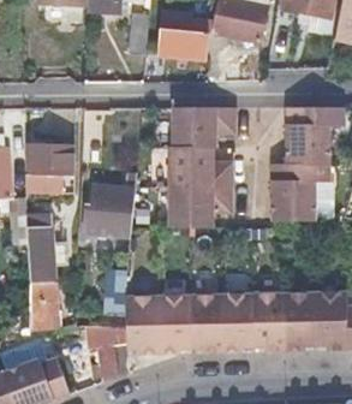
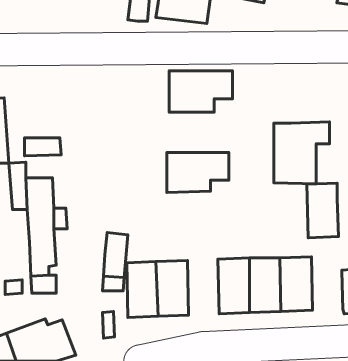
building: [286,108,336,161] -> none
building: [24,145,72,176] -> none
building: [165,150,228,190] -> none
building: [83,174,135,255] -> none
building: [309,292,340,346] -> [307,183,338,238]
building: [186,296,217,351] -> none

